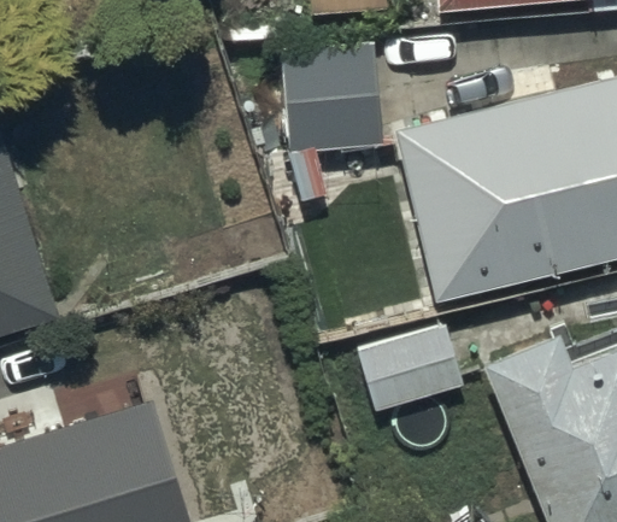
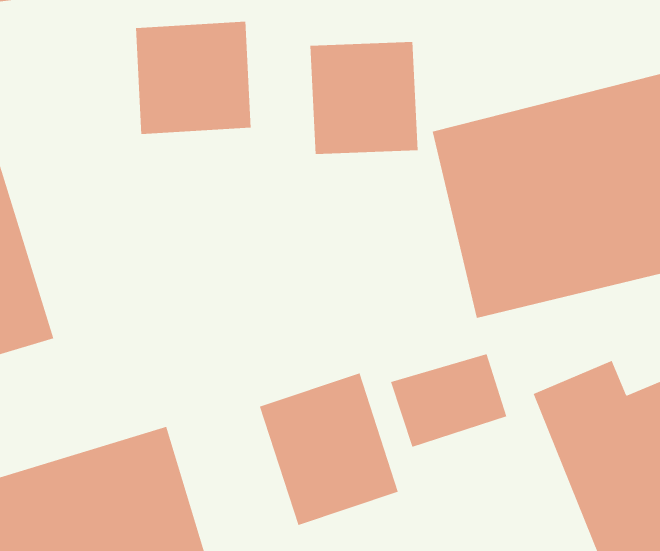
building: none -> [135,21,251,135]
building: none -> [259,372,398,526]

